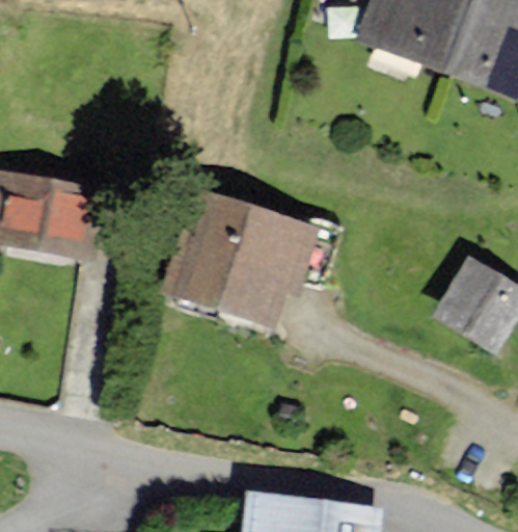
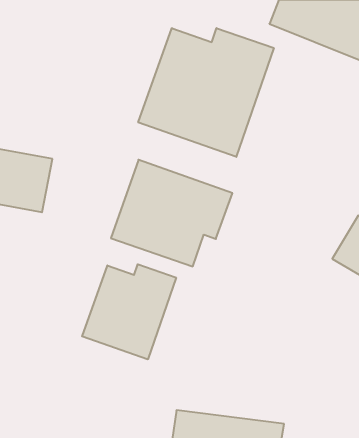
building: none -> [138,28,274,157]
building: none -> [82,264,176,359]

